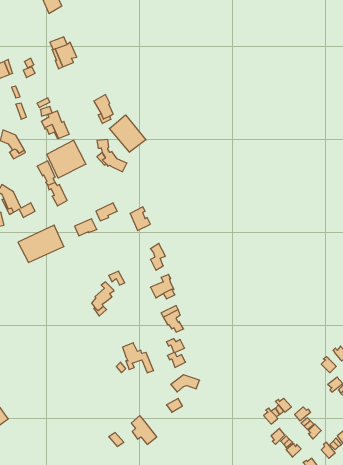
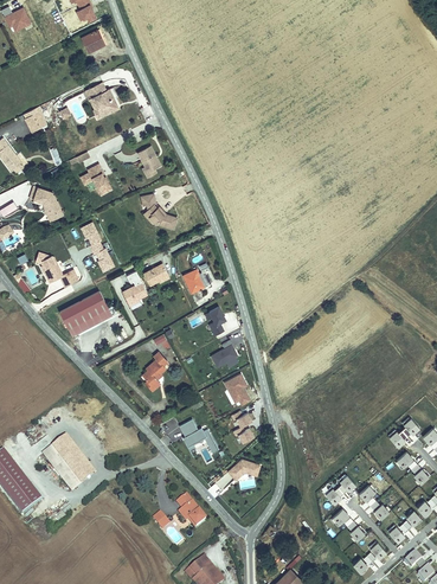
building: [109,115,146,152] -> none
building: [47,140,86,178] -> none
building: none -> [45,438,97,493]

